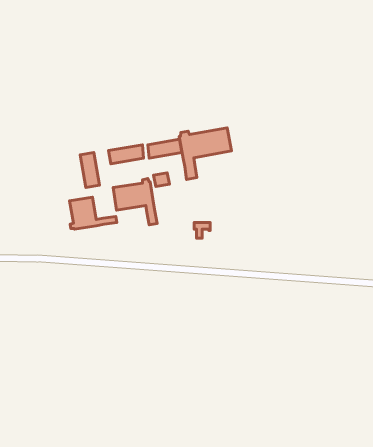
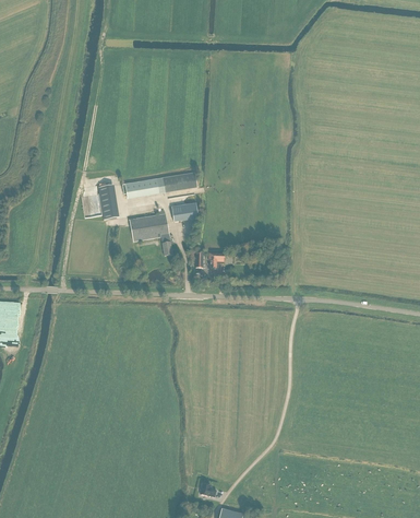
building: [179,128,231,179] -> none
building: [70,197,117,229] -> none

